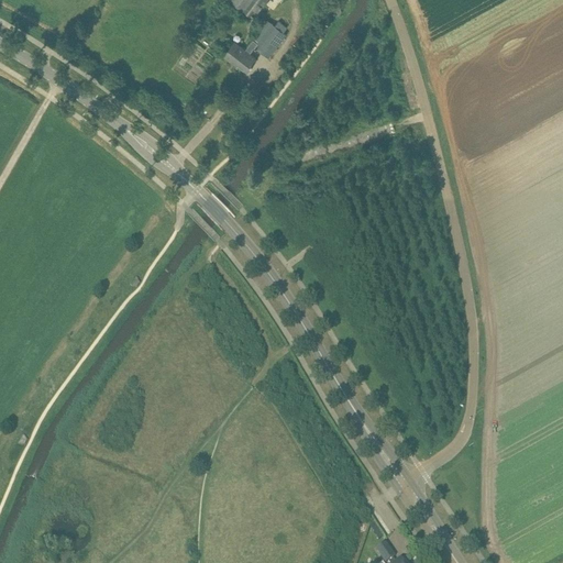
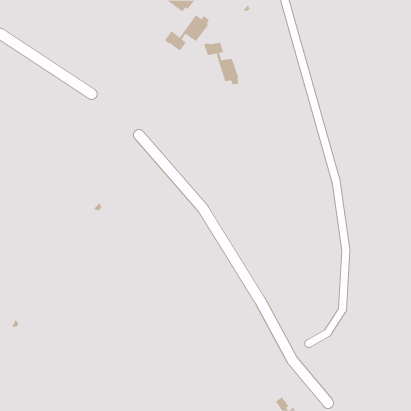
building: none -> [204,42,240,85]

